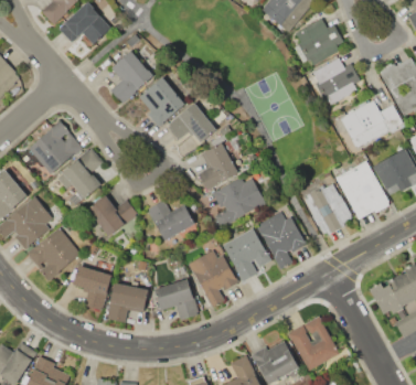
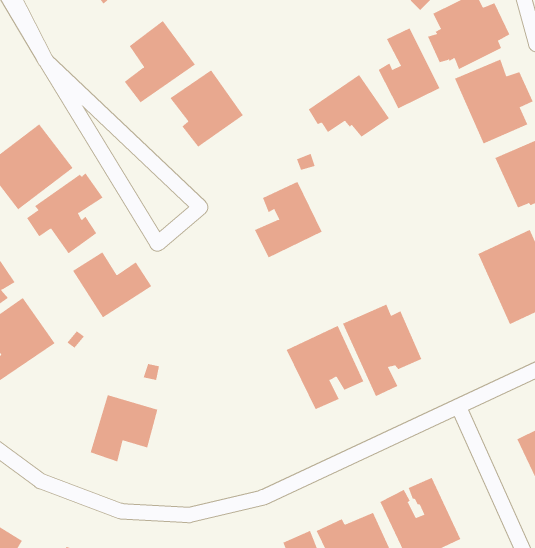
building: none -> [378,28,440,109]
building: [164,103,215,141] -> [308,74,390,137]
building: [212,178,266,229] -> none
building: [303,184,352,236] -> none
building: [147,200,194,242] -> none
building: [186,250,237,309] -> none
building: [73,265,113,311] -> none
building: [153,279,198,319] -> none

